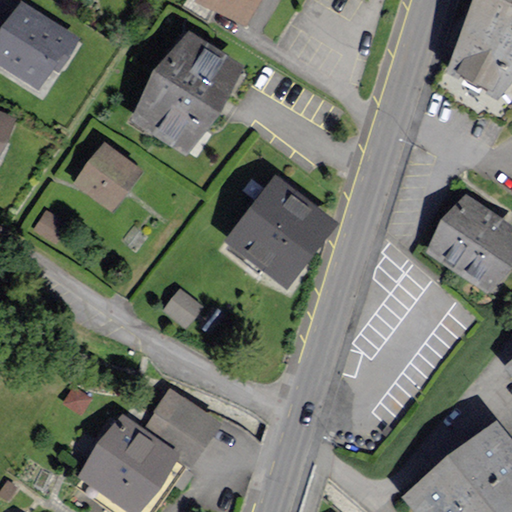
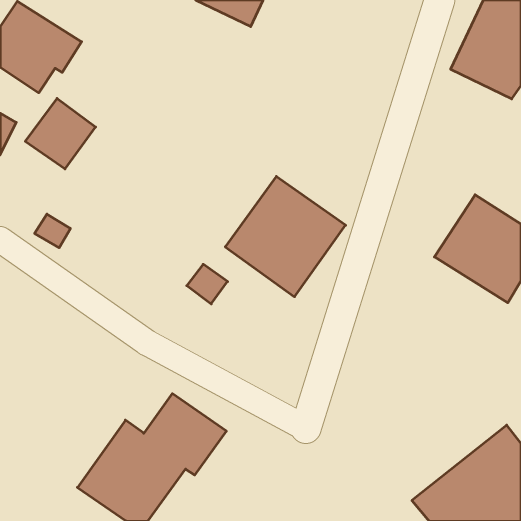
building: [129,25,244,152] -> none
building: [74,141,143,210] -> [25,98,96,169]
building: [171,293,211,332] -> [187,264,228,304]

